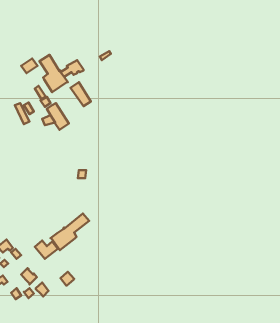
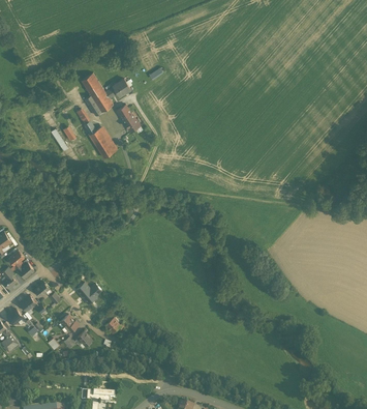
building: [51,213,89,250] -> none

